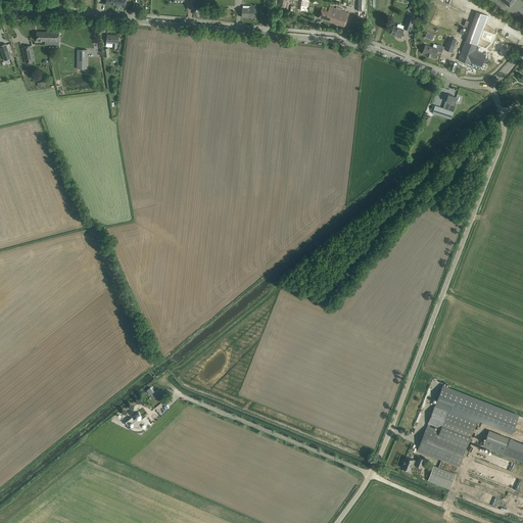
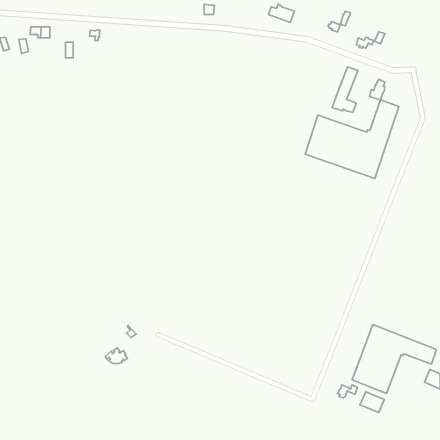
building: [458,12,488,66] -> [332,67,358,113]
building: none -> [305,100,399,178]
building: [482,430,510,455] -> none

